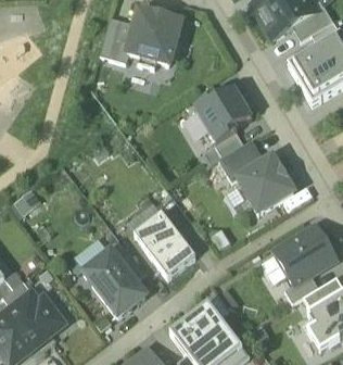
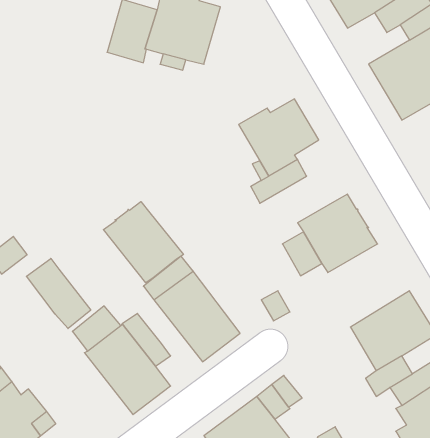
building: [218,139,265,181] -> none
building: none -> [103,202,183,283]
building: none -> [26,258,91,329]

